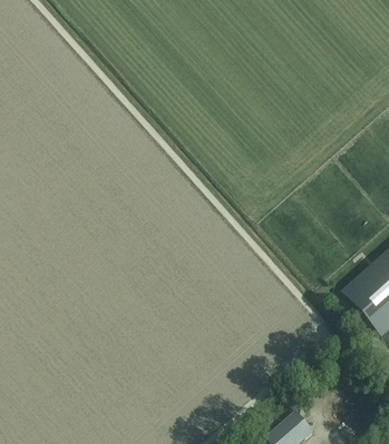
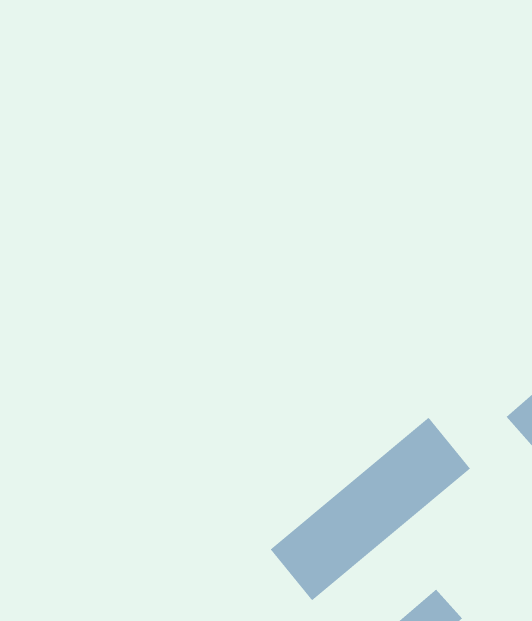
building: none -> [270,417,471,601]

